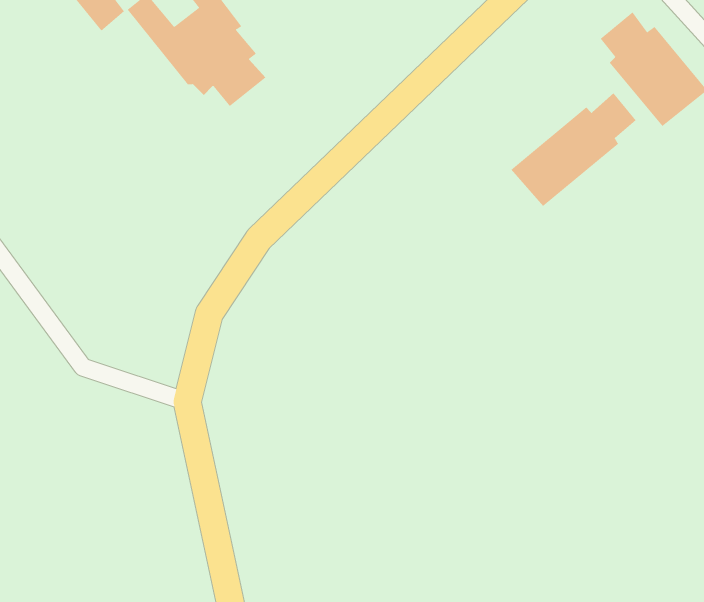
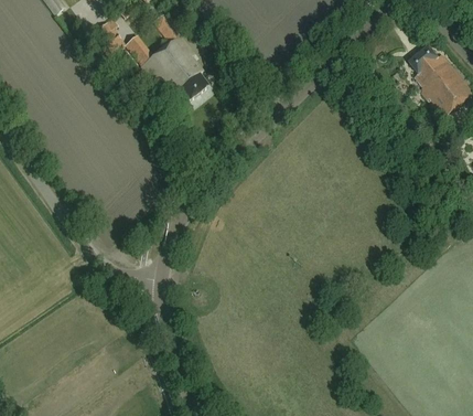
building: [510,92,636,207] -> none

